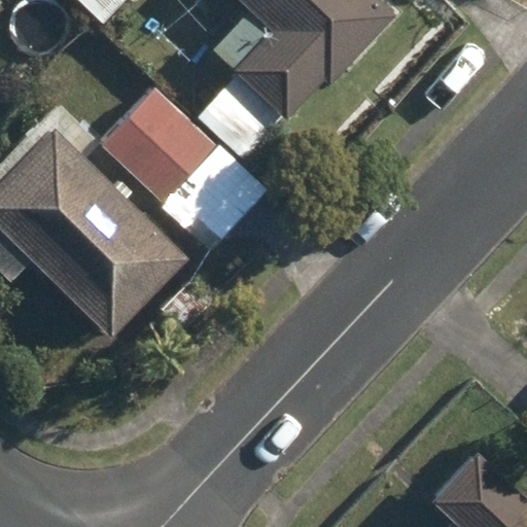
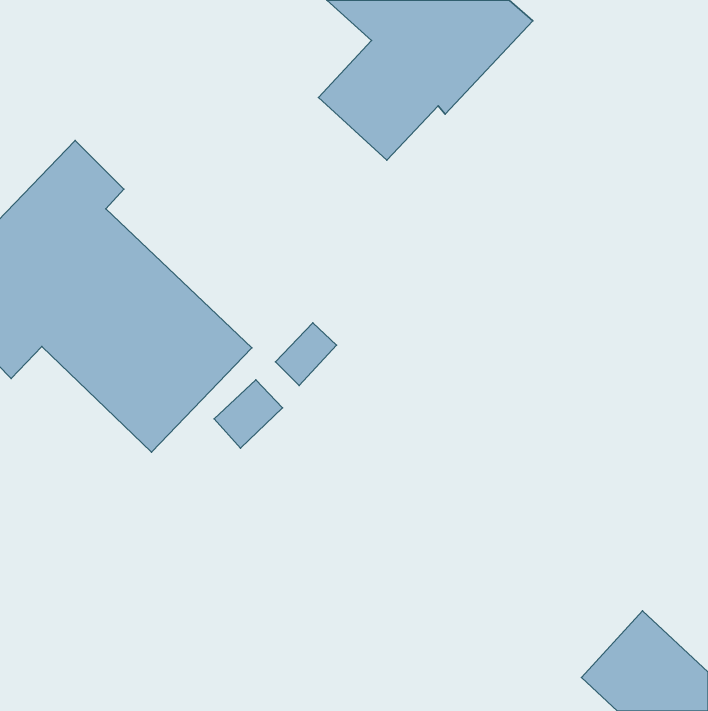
building: [101,90,265,250] -> none

